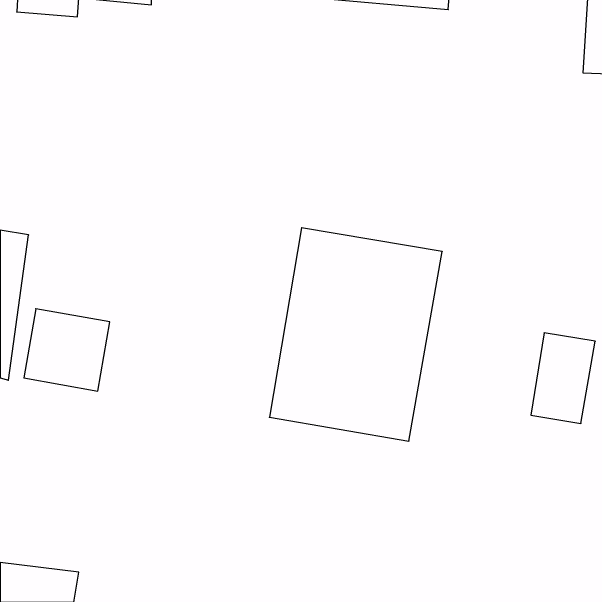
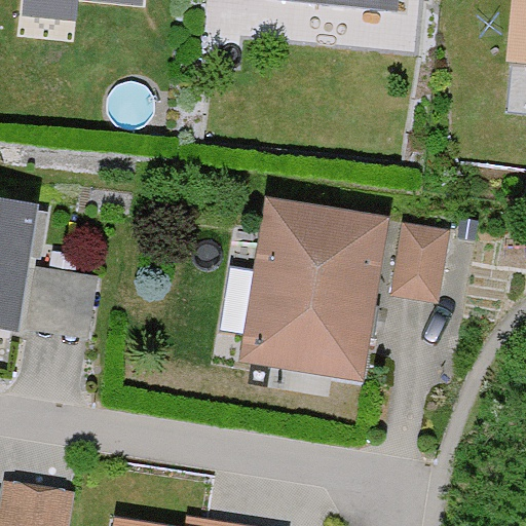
building: [531,333,595,423] -> [392,223,448,301]

